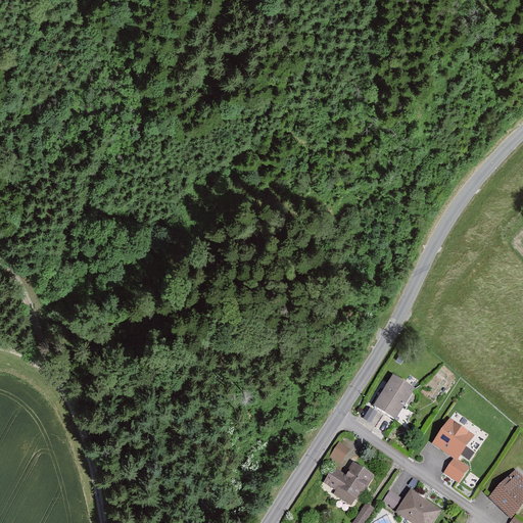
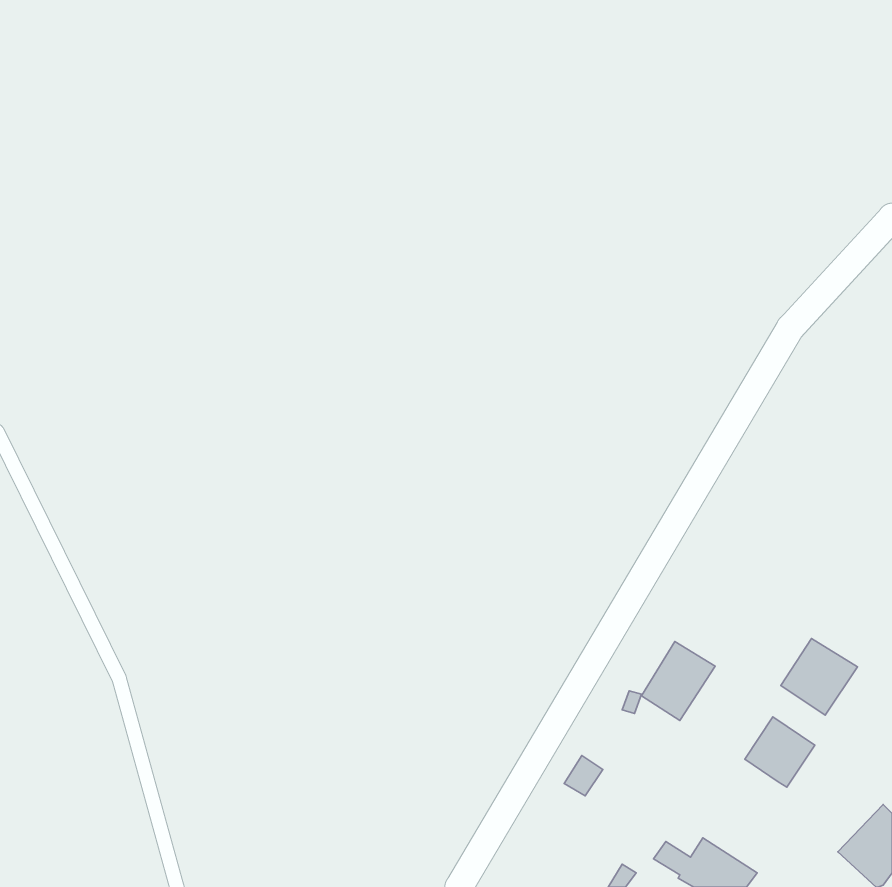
building: none -> [781,638,857,715]
building: [442,456,469,482] -> none
building: [325,460,377,505] -> none

